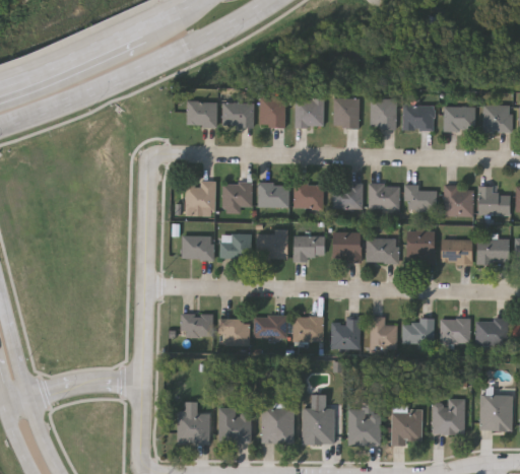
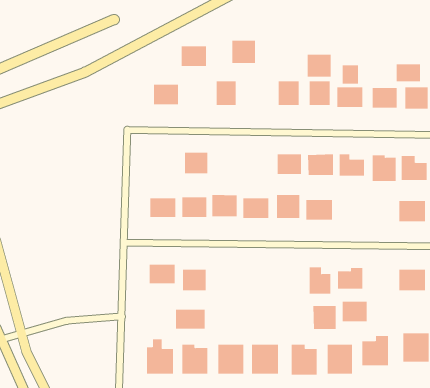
building: none -> [307,54,331,78]
building: none -> [396,64,420,82]
building: none -> [342,65,358,84]
building: [295,98,323,126] -> [232,40,256,63]
building: [222,103,253,127] -> [181,46,207,66]
building: [186,181,214,211] -> none
building: [258,184,287,207] -> none
building: [294,184,322,209] -> none
building: [406,230,434,262] -> none
building: [440,240,471,264] -> none
building: [254,316,286,338] -> none
building: [294,317,323,343] -> none
building: [440,319,470,343] -> [342,301,368,322]
building: [331,320,360,348] -> [312,305,337,330]
building: none -> [176,309,205,329]

